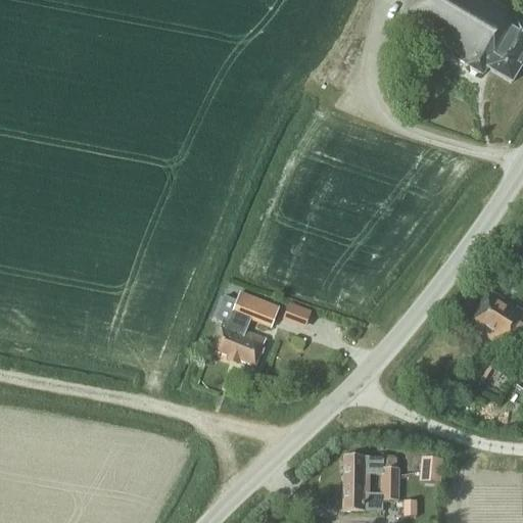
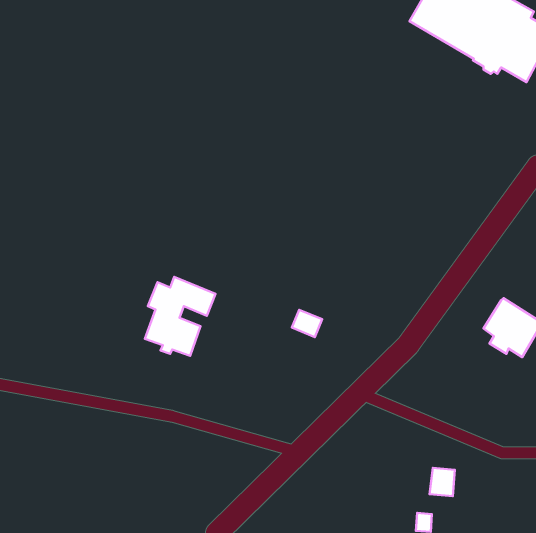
building: [212,288,281,365] -> [145,277,215,356]
building: [343,455,398,509] -> none

